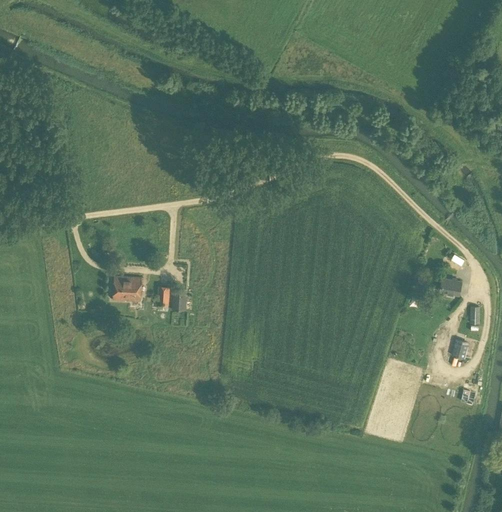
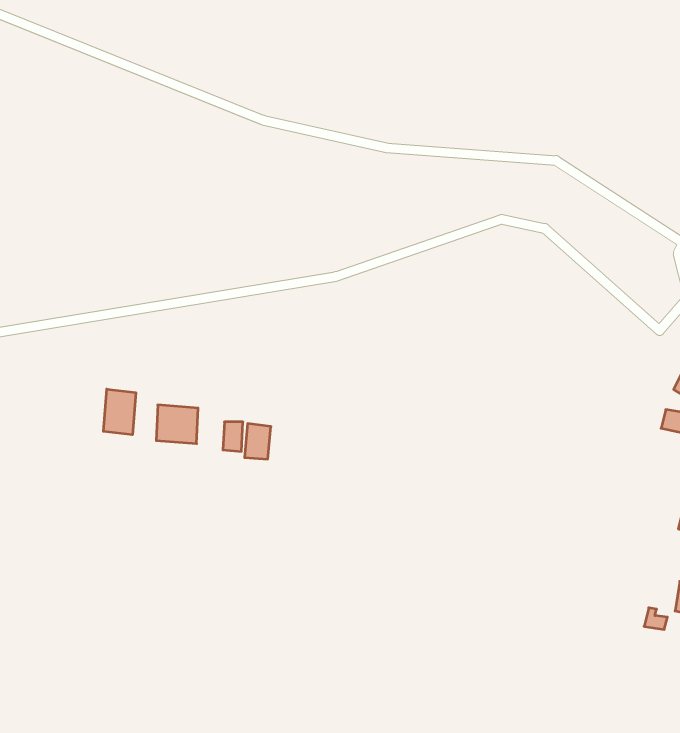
building: none -> [103,389,136,435]

